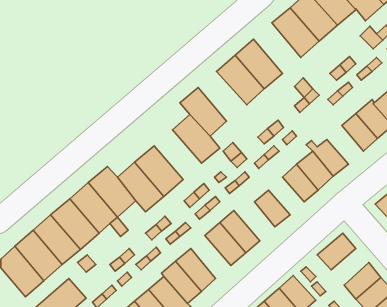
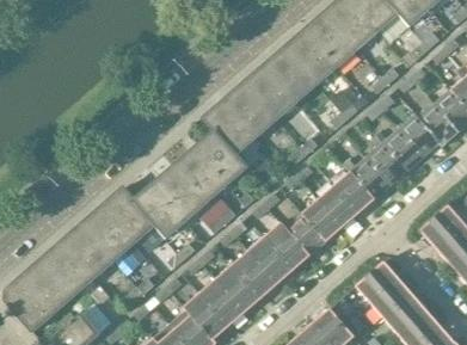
building: none -> [285,29,338,85]
building: none -> [225,82,278,137]
building: none -> [367,135,407,185]
building: none -> [176,147,228,202]
building: none -> [302,199,342,241]
building: none -> [264,222,309,270]
building: none -> [216,264,260,312]
building: none -> [371,278,413,319]

